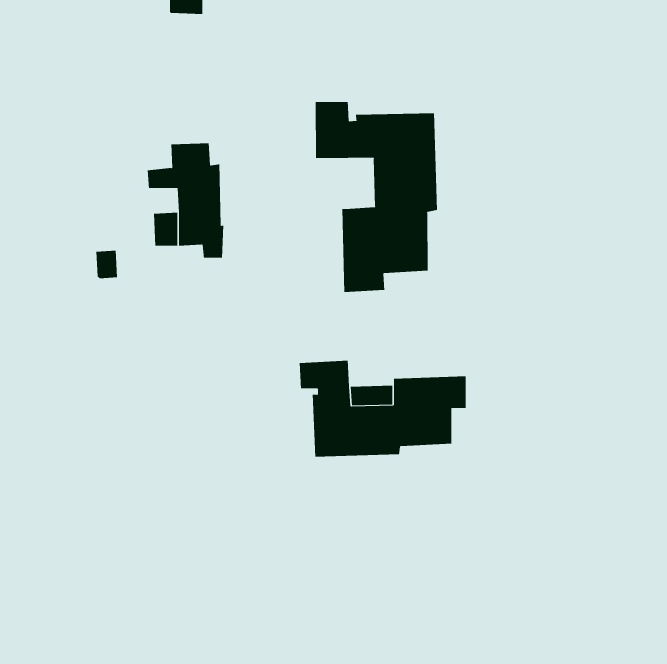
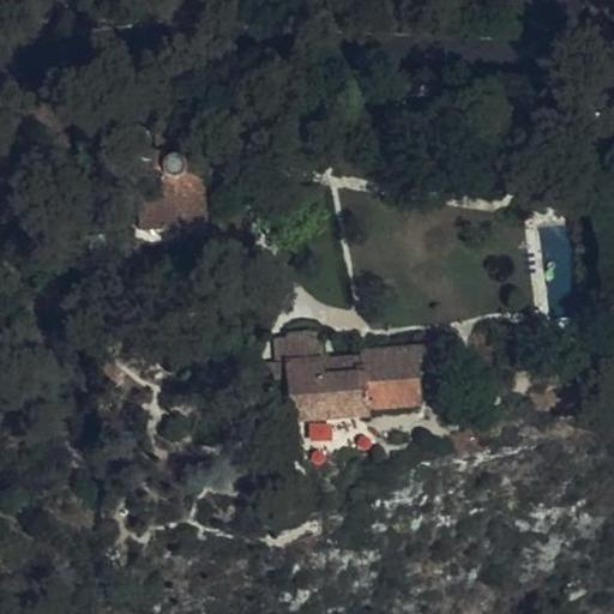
building: [315,101,438,293] -> none

